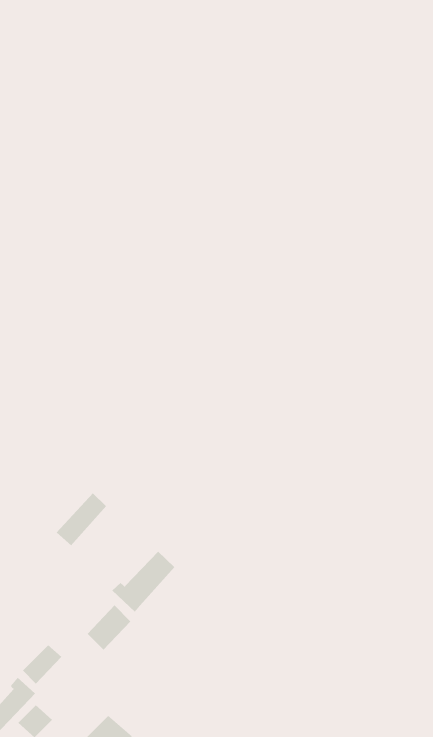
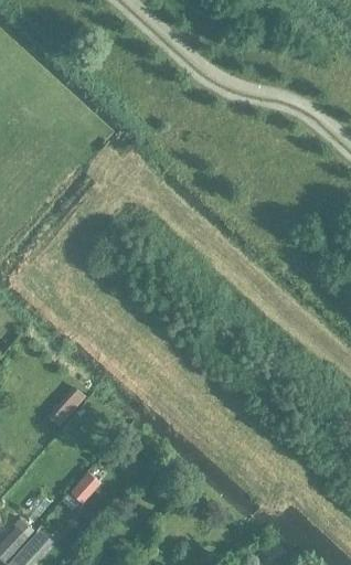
building: [112,551,175,613] -> none

